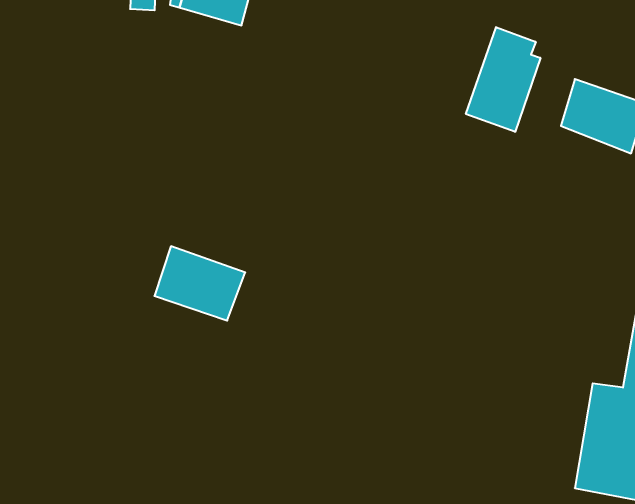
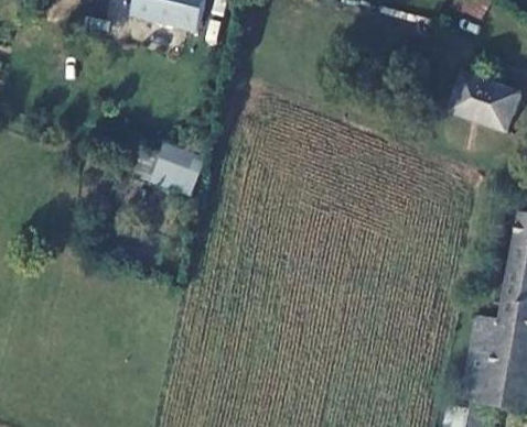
building: [466,27,540,132] -> none
building: [154,246,245,321] -> [129,135,202,195]

